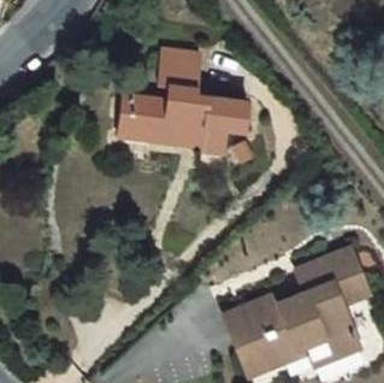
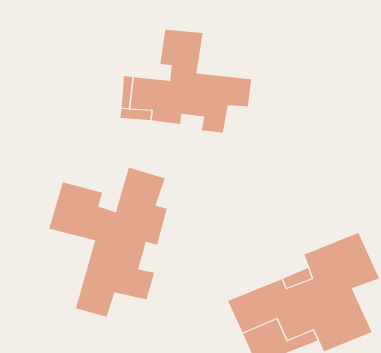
building: none -> [48,167,168,317]

